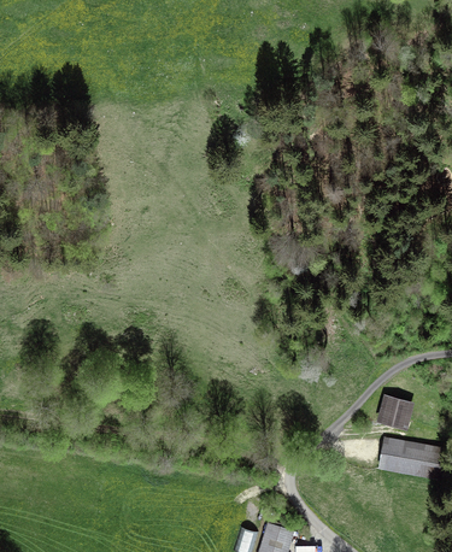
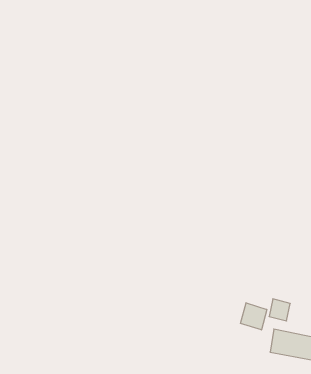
building: none -> [241,303,267,330]

